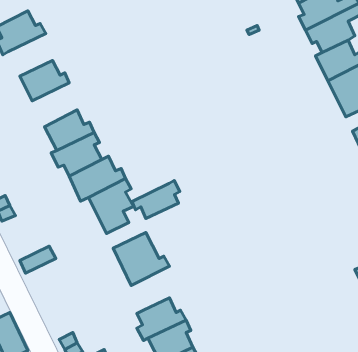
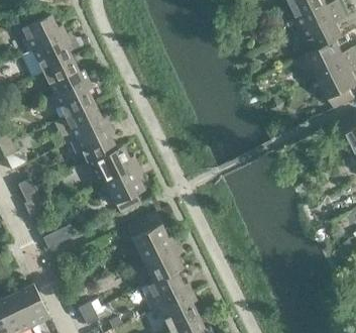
building: none -> [32,34,72,73]
building: none -> [49,79,94,118]
building: [132,181,180,219] -> none
building: none -> [142,243,183,283]

